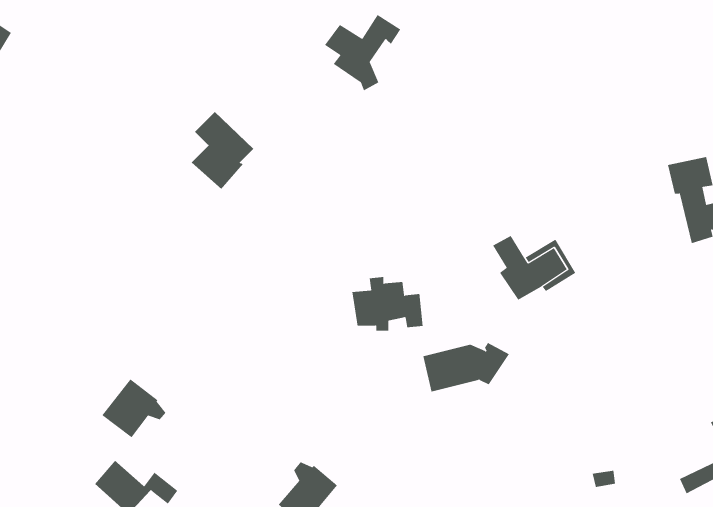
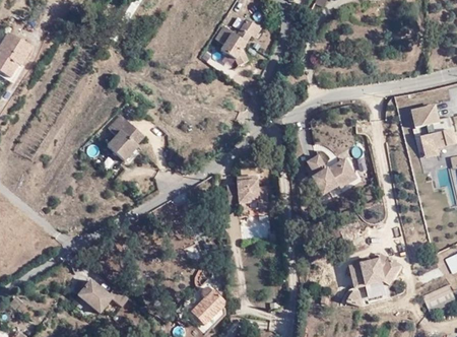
building: [191,111,254,190] -> [109,116,146,162]
building: [422,342,510,392] -> [353,256,405,285]
building: [101,378,166,438] -> none

